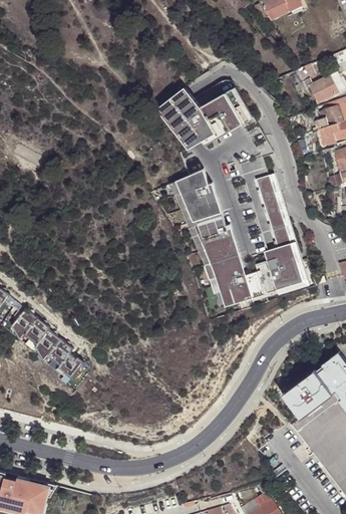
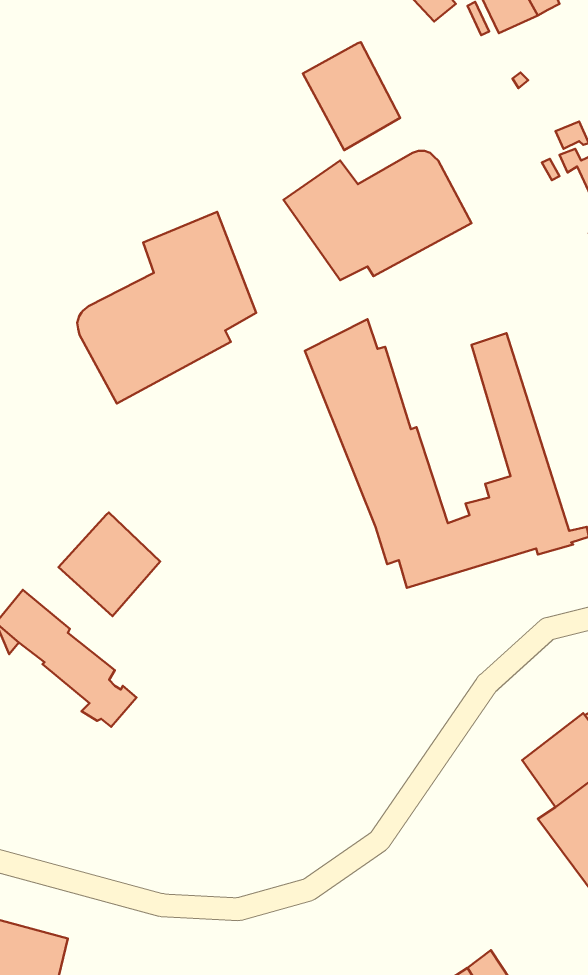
building: none -> [303,42,400,150]
building: none -> [77,212,256,403]
building: none -> [59,512,160,616]

